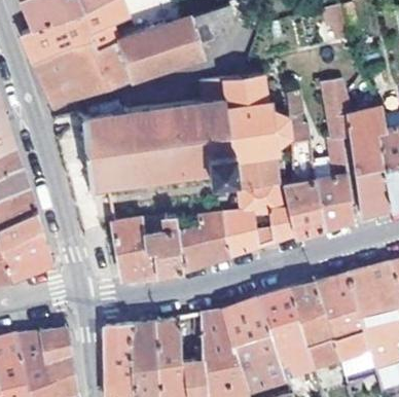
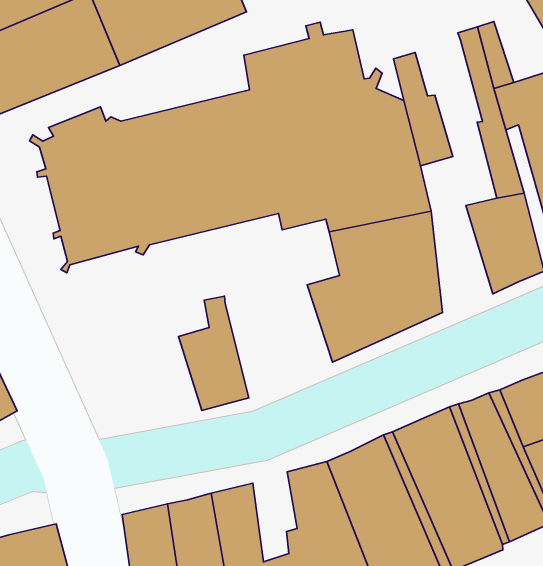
building: [294,179,323,237] -> none
building: [175,213,230,272] -> none
building: [112,217,155,280] -> none

